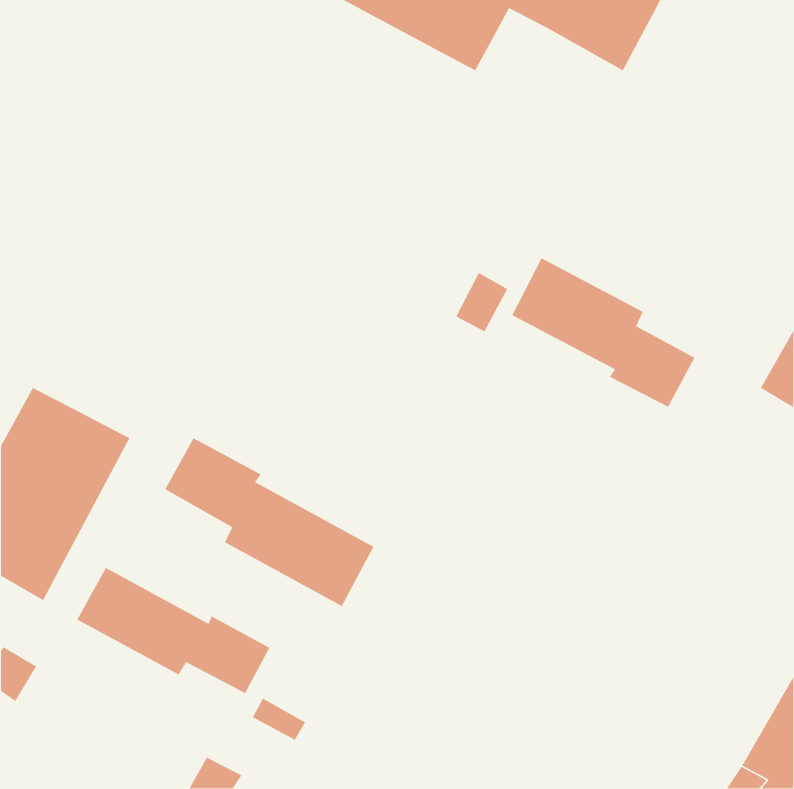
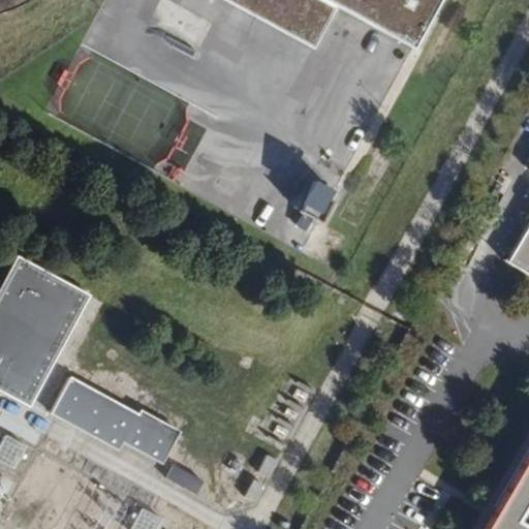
building: [511,257,695,408] -> none
building: [164,437,375,607] -> none

